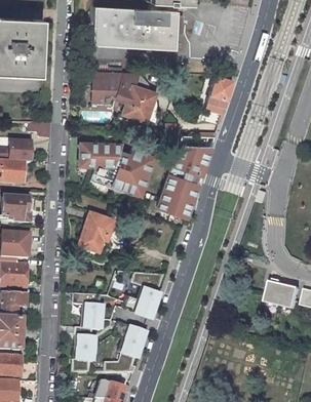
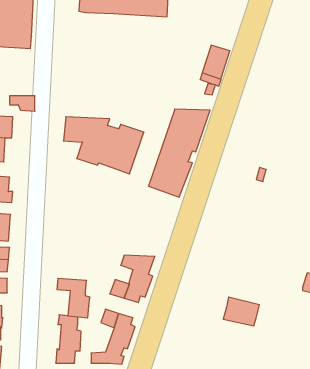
building: [94,71,158,123] -> none
building: [79,211,116,251] -> none
building: [267,281,301,308] -> [223,297,259,326]

